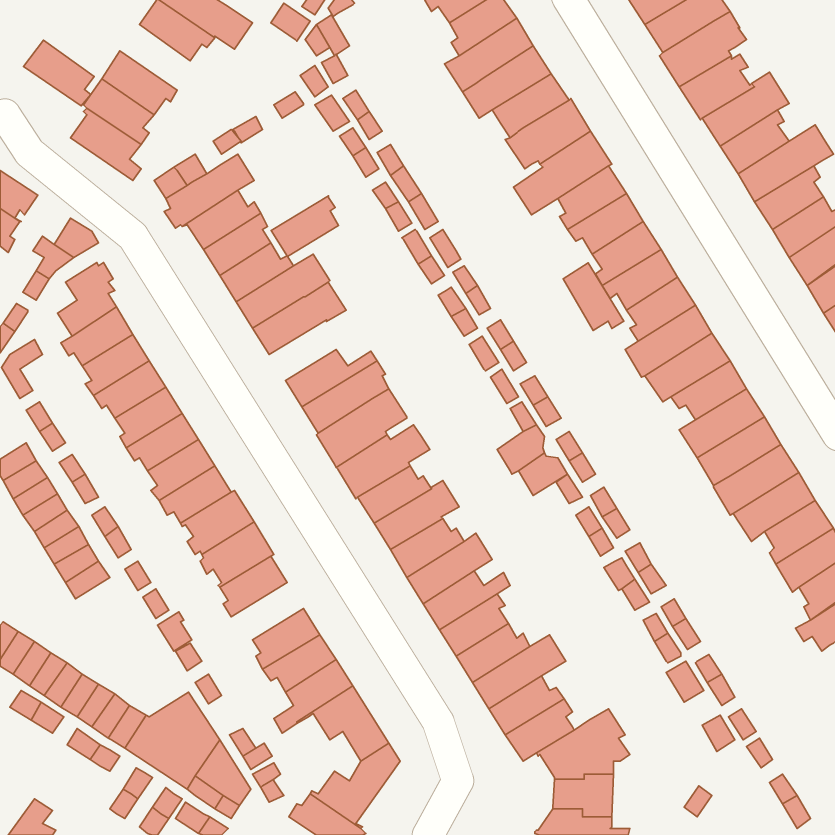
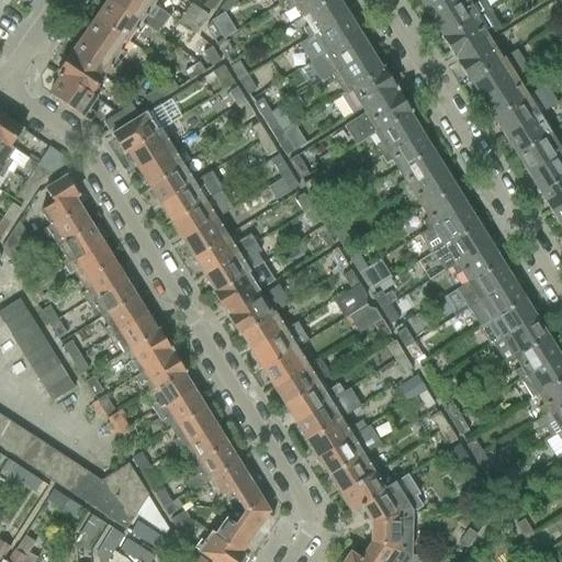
building: [24,40,94,106] -> [82,16,130,60]
building: [271,196,338,257] -> [182,214,227,255]
building: [563,263,624,331] -> none
building: none -> [157,390,205,428]

